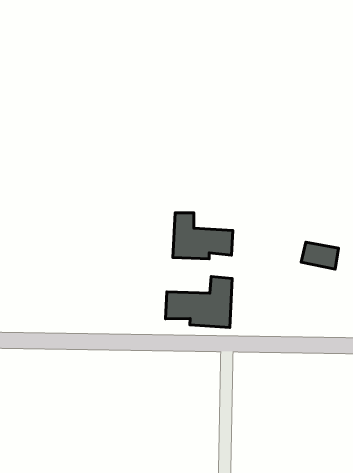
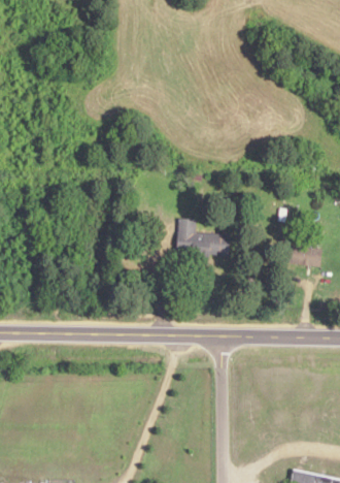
building: [165,277,232,327] -> none

